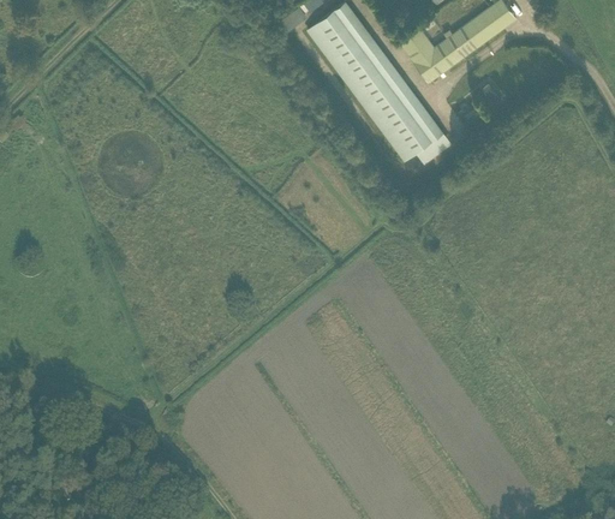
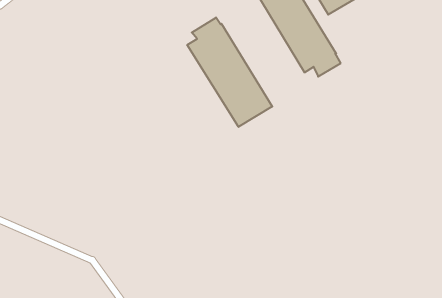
building: none -> [187,17,272,127]

